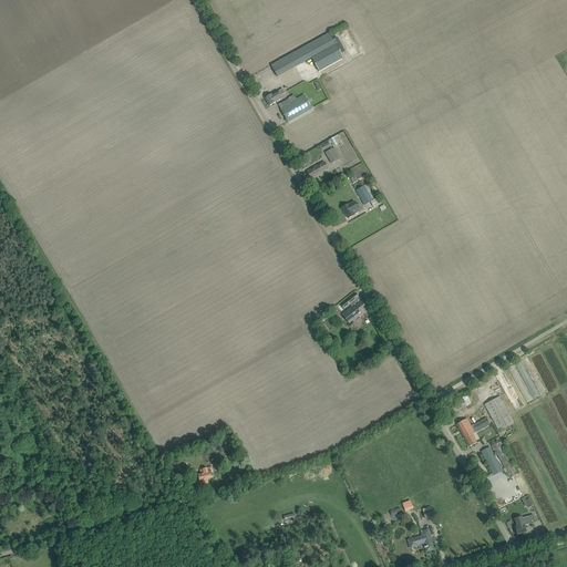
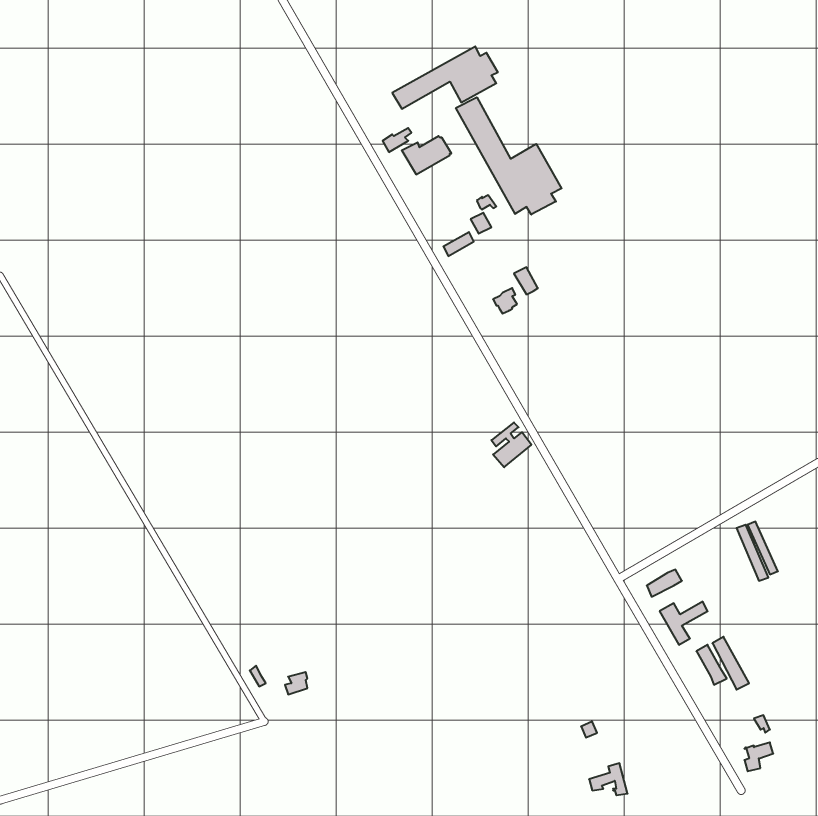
building: none -> [456,97,562,215]
building: [484,395,514,430] -> none

